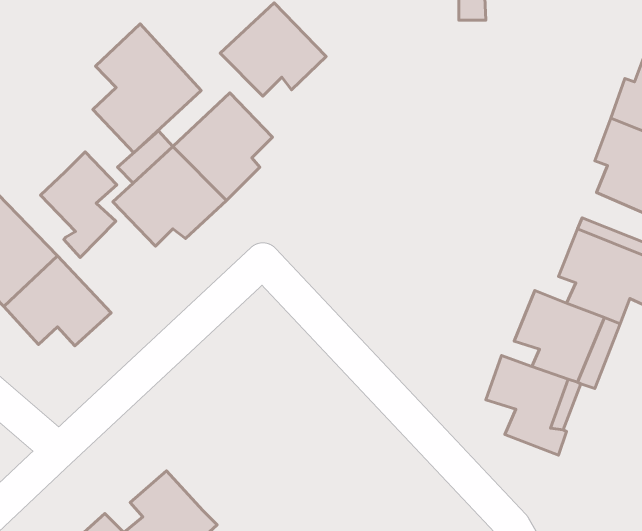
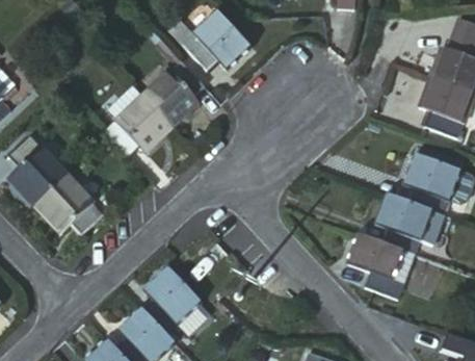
building: [93,24,201,153] -> none
building: [41,152,117,257] -> none
building: none -> [140,270,202,337]

